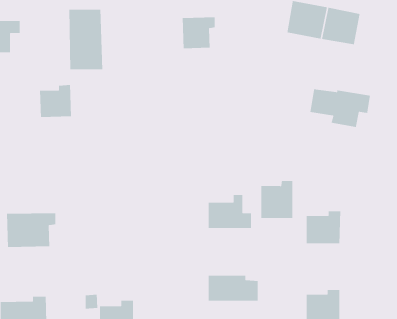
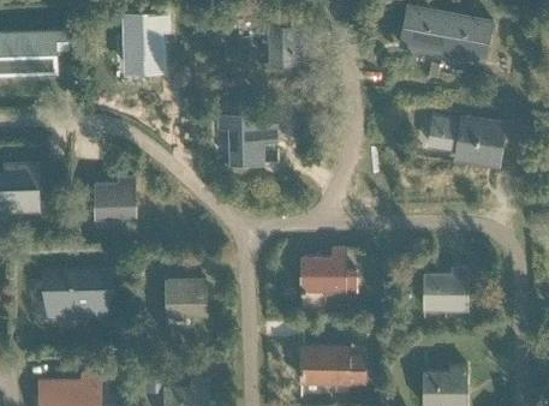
building: [39,84,72,118] -> [94,178,135,220]
building: none -> [217,115,280,166]
building: [260,180,293,219] -> none
building: none -> [165,281,205,317]

